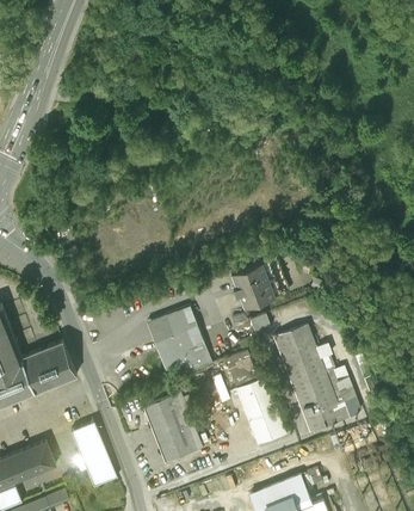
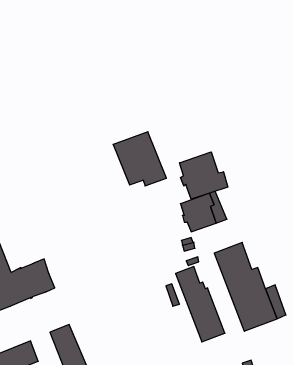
building: none -> [180,152,228,199]
building: [146,307,211,374] -> [113,132,166,186]
building: [143,393,202,462] -> none

